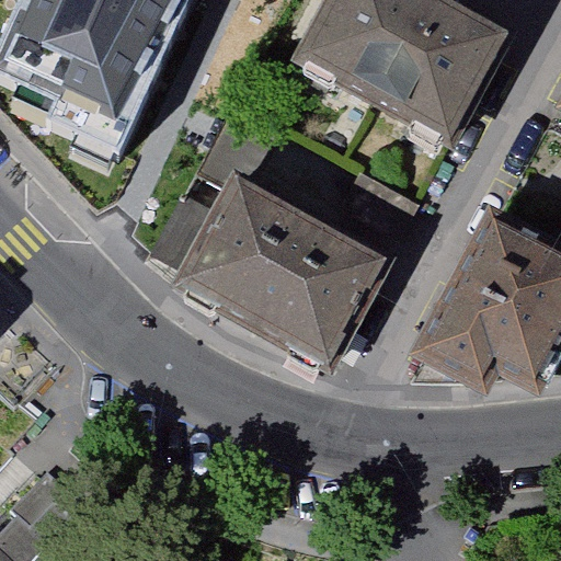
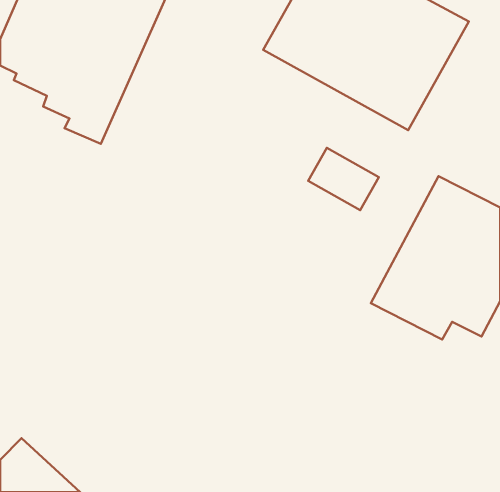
building: [173,174,396,373] -> none

